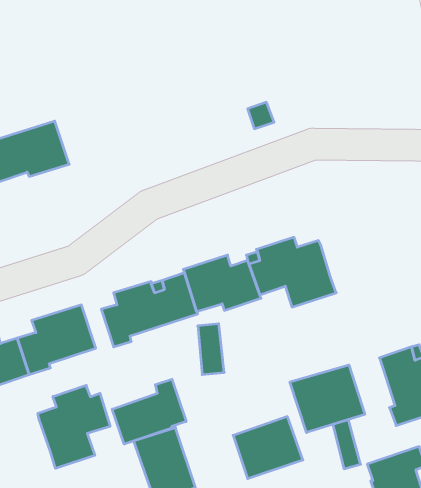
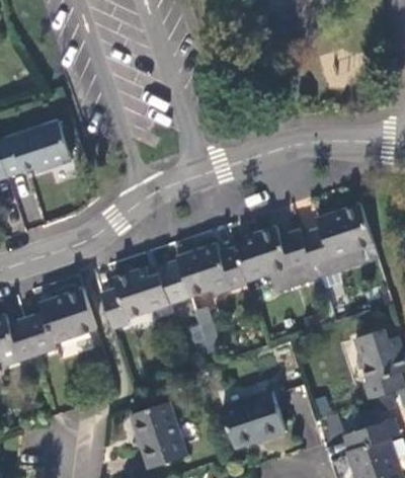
building: none -> [301,206,377,280]
building: [290,365,365,433] -> none
building: [112,379,186,444] -> none
building: [38,385,110,468] -> none

